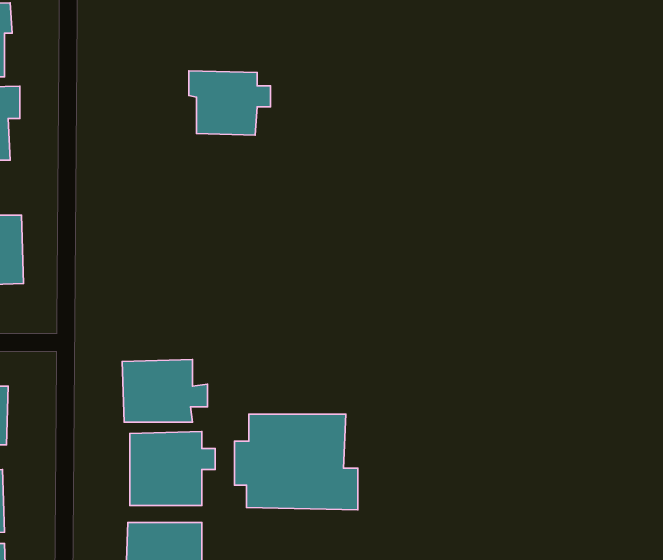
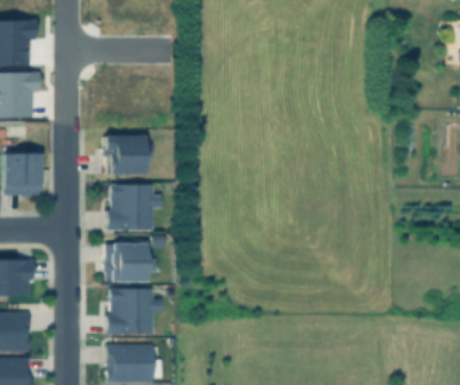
building: [189,71,270,135] -> [103,134,155,175]
building: none -> [109,184,164,229]
building: [235,414,358,510] -> none

